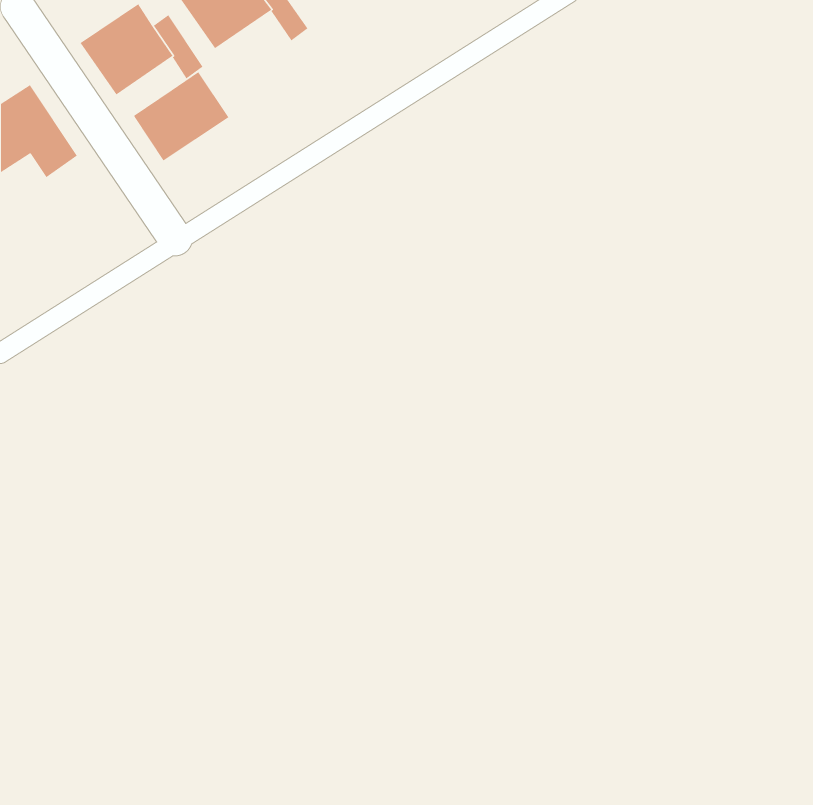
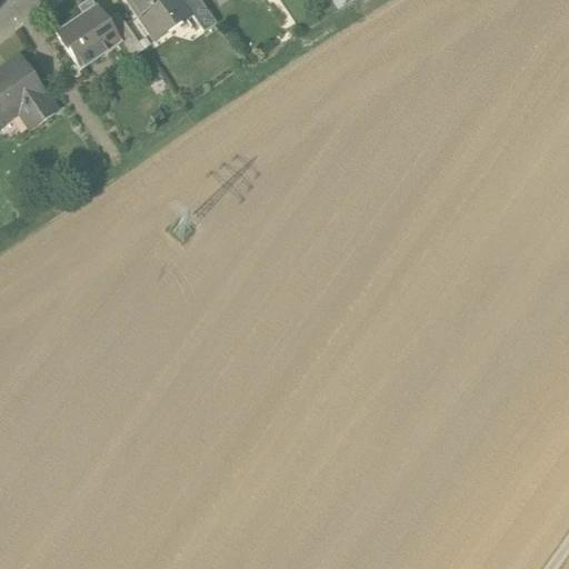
building: [133,71,230,161] -> none

